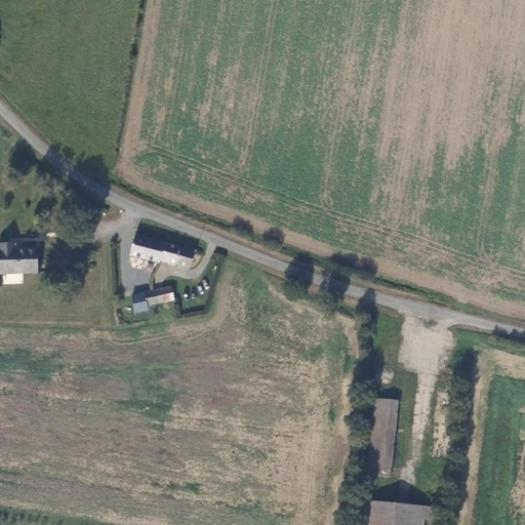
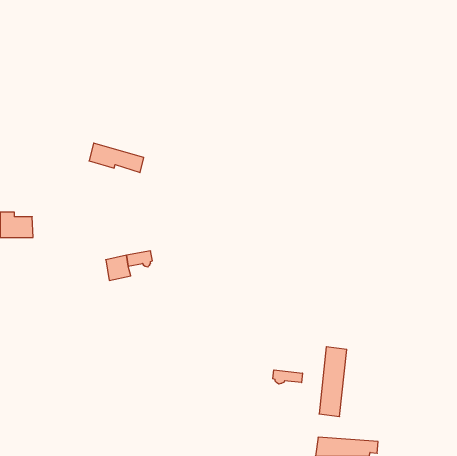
building: [132,234,195,268] -> [89,143,144,173]
building: none -> [273,370,302,384]

